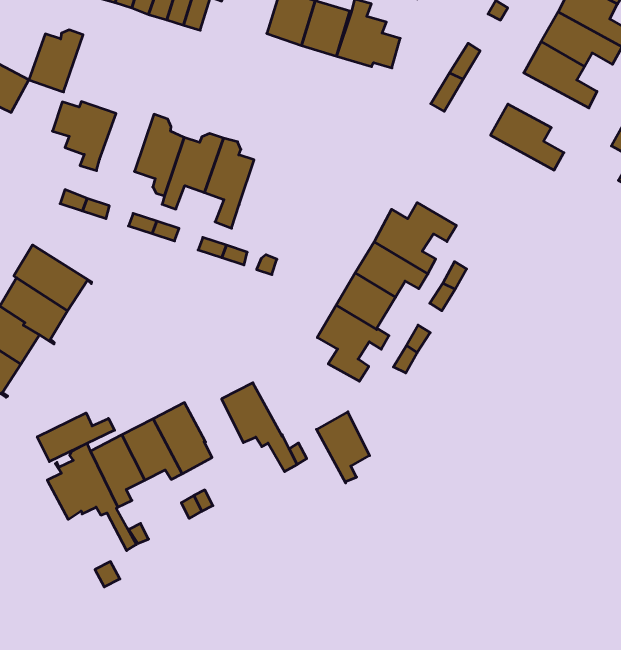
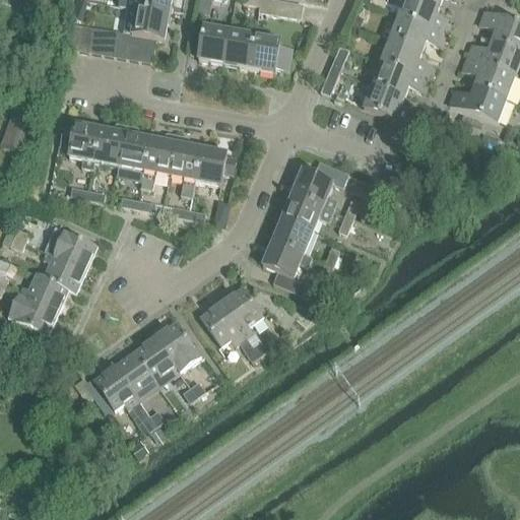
building: [29,30,83,92] -> [93,122,127,166]
building: none -> [373,60,430,95]
building: none -> [195,146,236,184]
building: [316,412,370,483] -> [221,286,261,336]
building: [37,413,115,462] -> none

